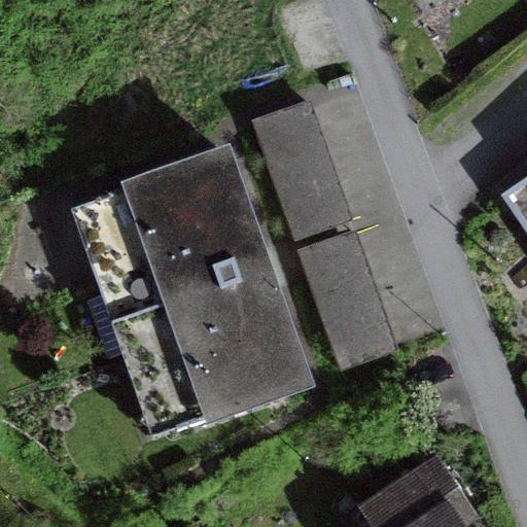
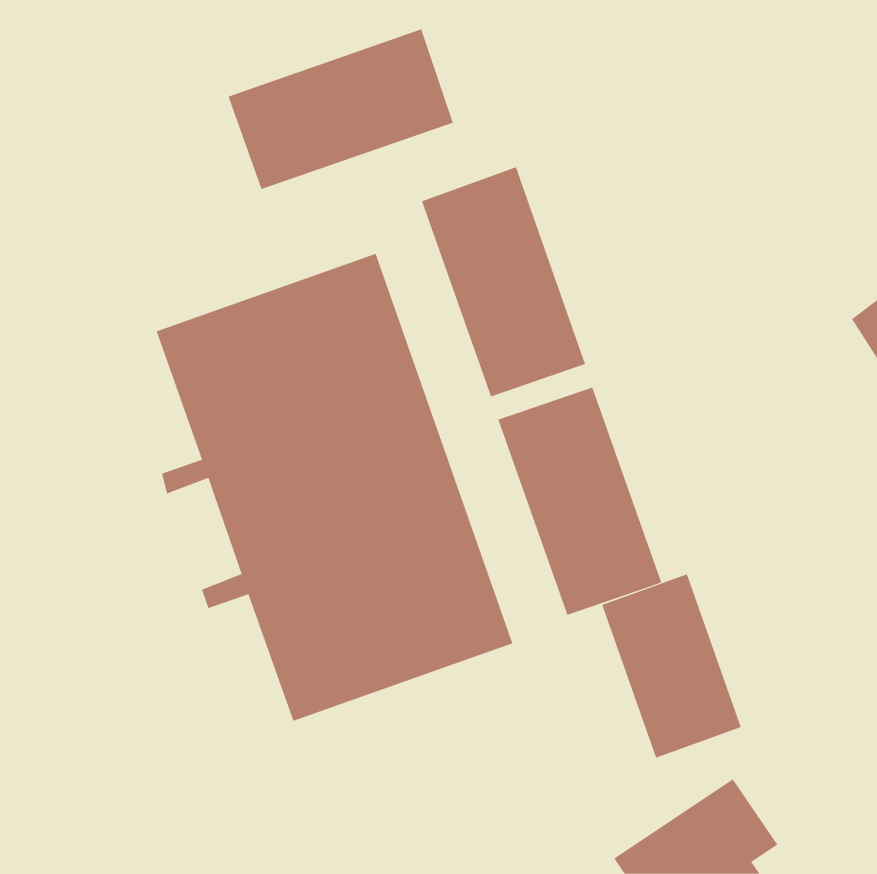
building: none -> [228,28,454,190]
building: none -> [601,574,741,758]

